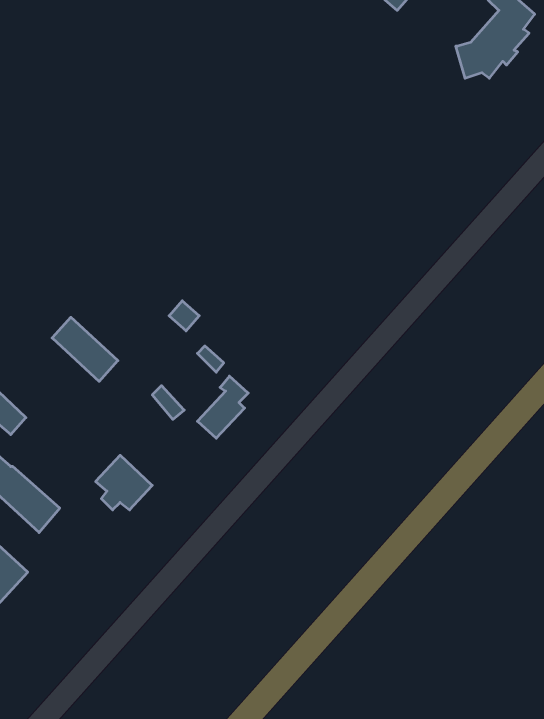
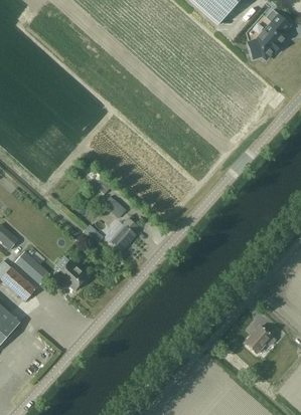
building: [52,317,118,381] -> [15,249,50,283]
building: none -> [245,326,275,353]

